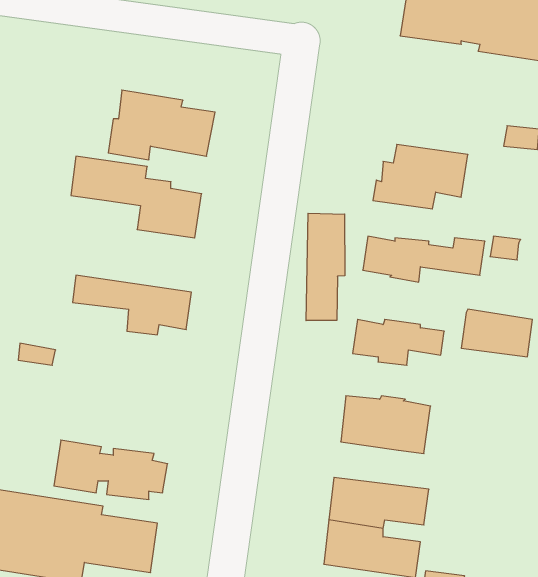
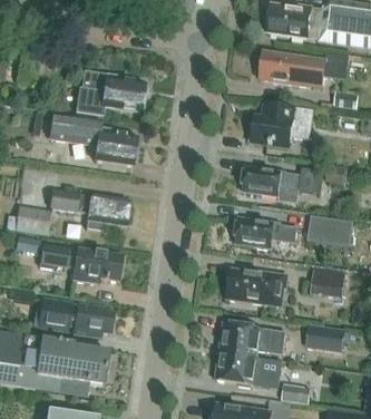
building: none -> [260,50,349,86]
building: [306,213,345,321] -> none
building: none -> [16,205,49,234]
building: none -> [40,242,123,284]
building: none -> [310,265,345,294]
building: none -> [305,323,344,350]

